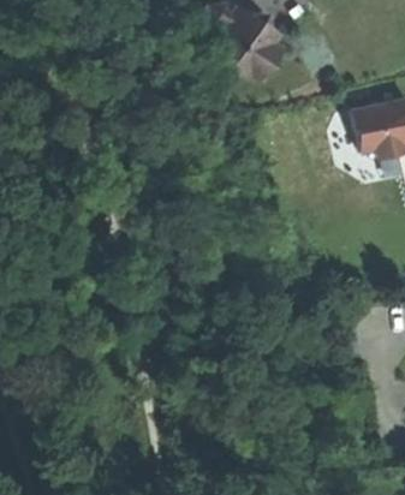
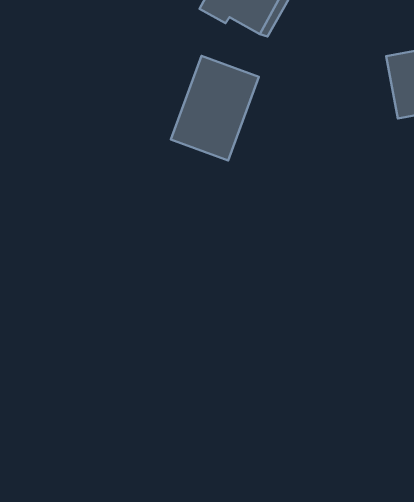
building: none -> [171,56,259,161]

